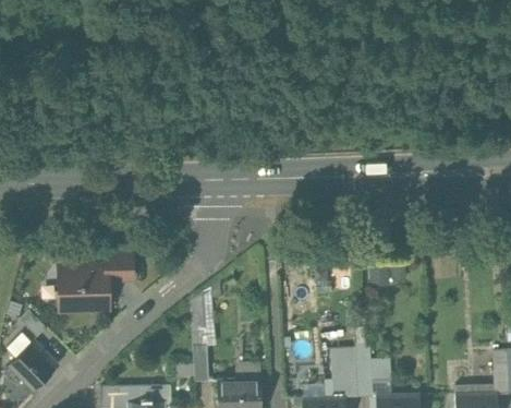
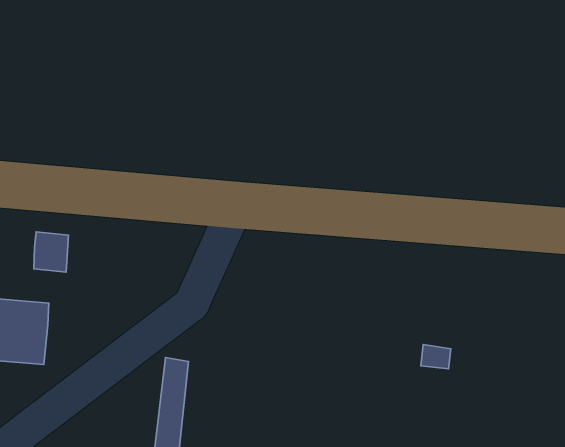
building: [108,253,132,279] -> [34,232,68,272]

